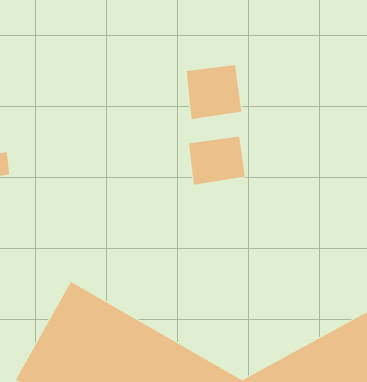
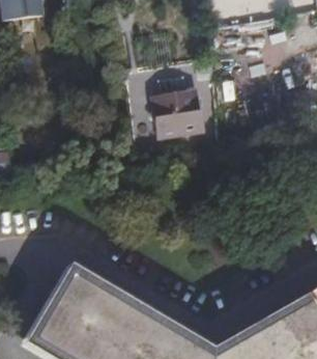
building: [188,136,246,185] -> none

